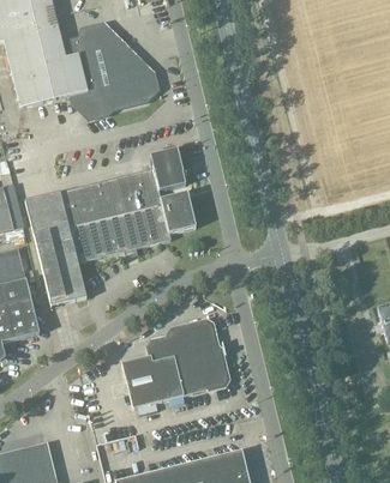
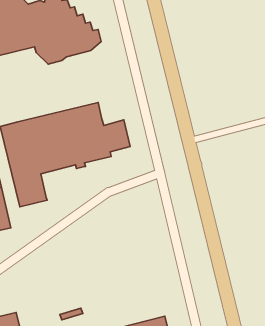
building: [150,147,185,189] -> none
building: [121,320,228,407] -> none

